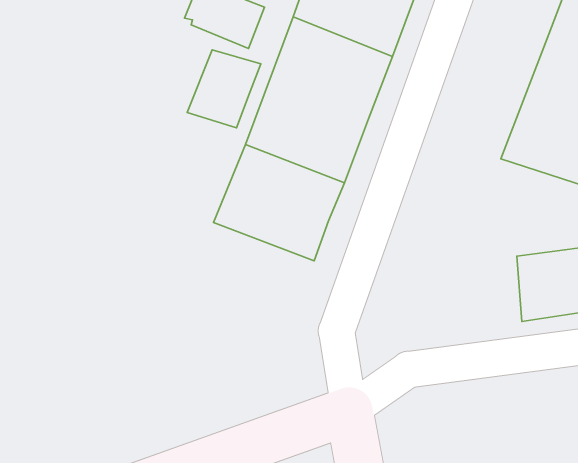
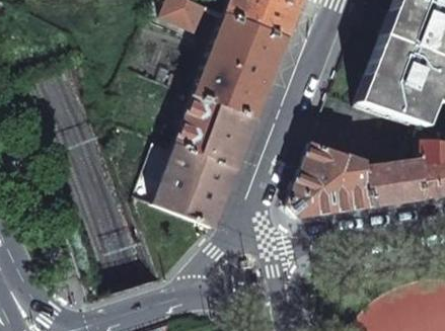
building: [187,50,261,128] -> none
building: none -> [288,142,370,218]
building: none -> [152,144,238,228]

